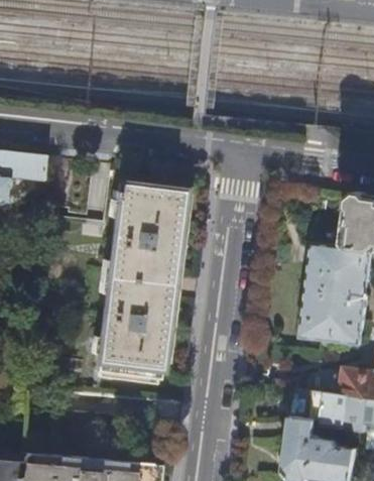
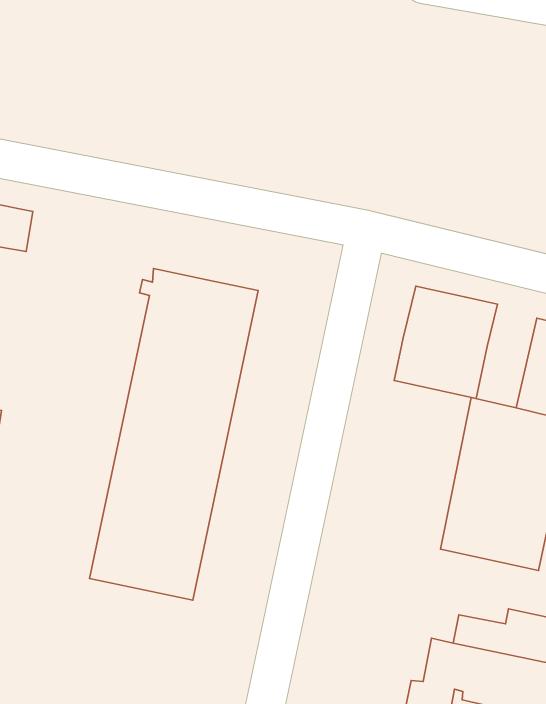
building: none -> [394,286,498,399]

